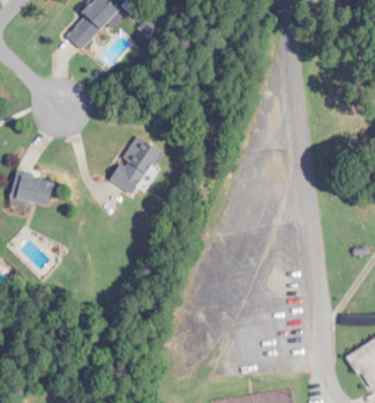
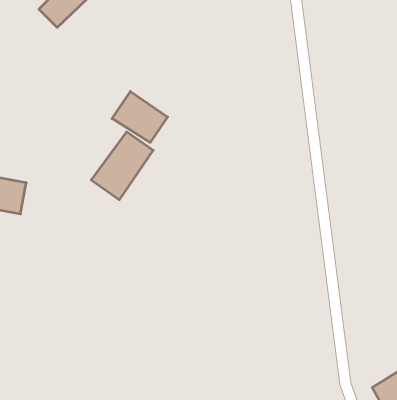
building: none -> [112,91,168,142]

